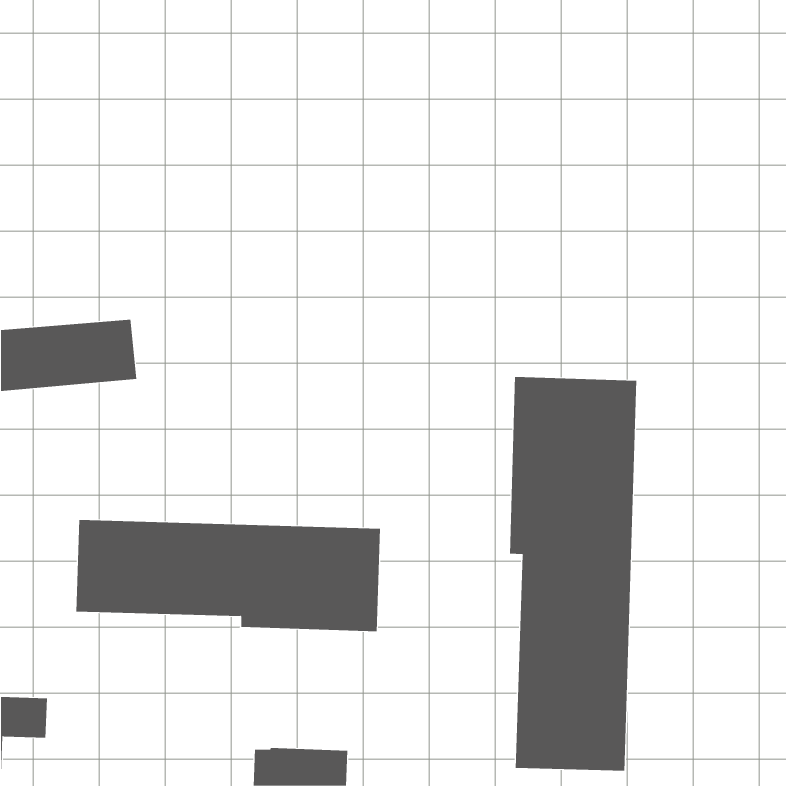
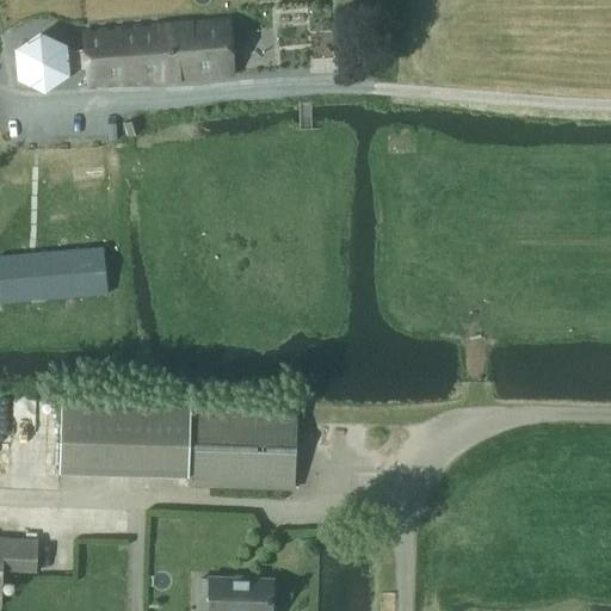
building: none -> [18,19,234,91]
building: [509,376,637,772] -> none

